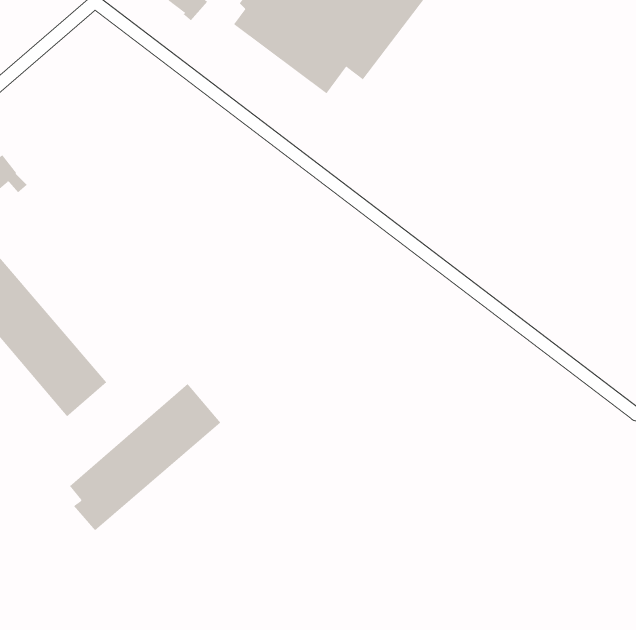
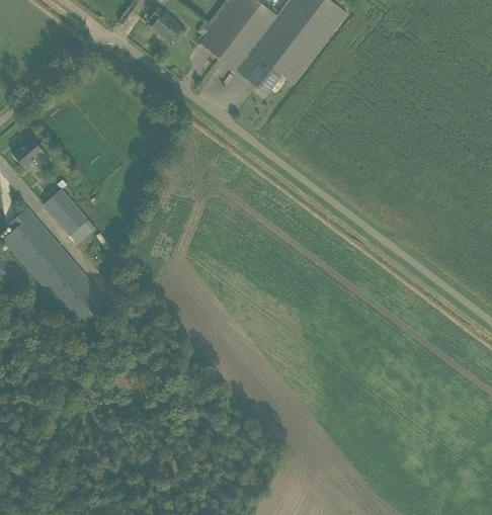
building: none -> [43,178,96,244]
building: [69,383,221,531] -> none

